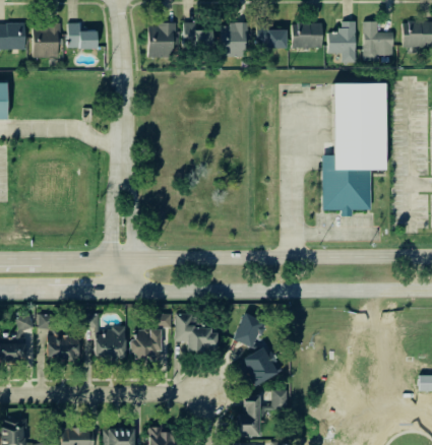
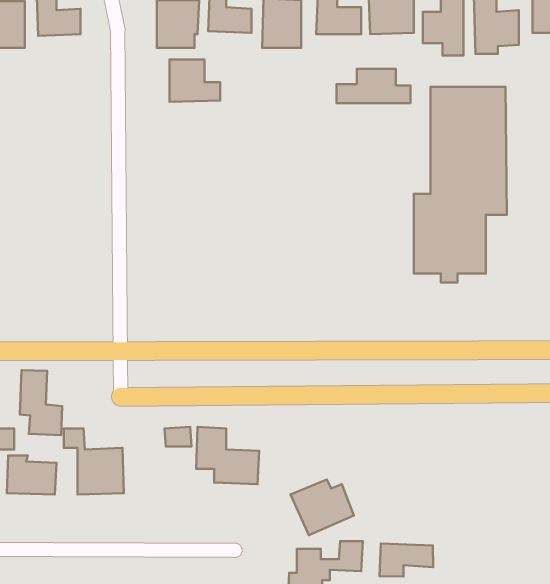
building: none -> [169,60,220,102]
building: none -> [337,69,410,103]
building: none -> [20,370,62,435]
building: [234,313,265,348] -> none
building: [129,329,162,360] -> none
building: none -> [379,543,433,577]

